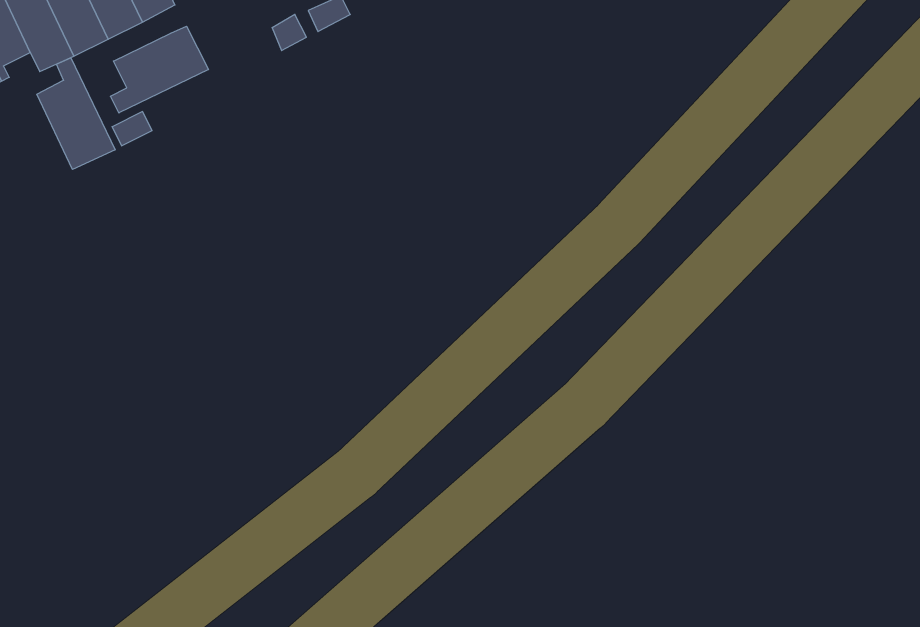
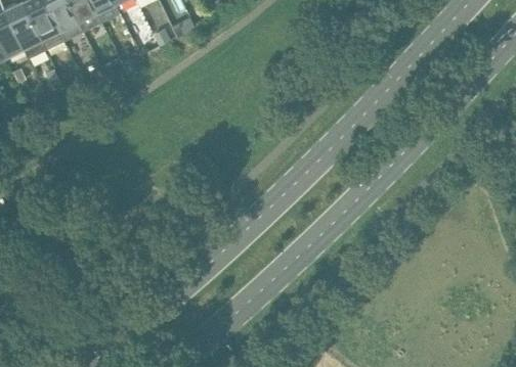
building: [110,26,208,113] -> none
building: [37,58,115,169] -> none

